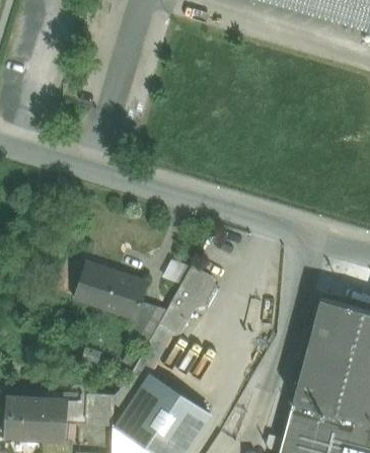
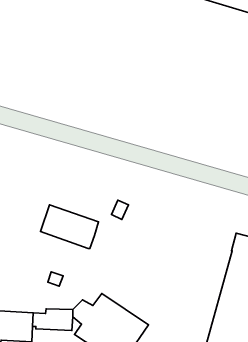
building: [127,267,216,390] -> none
building: [127,302,159,344] -> none

